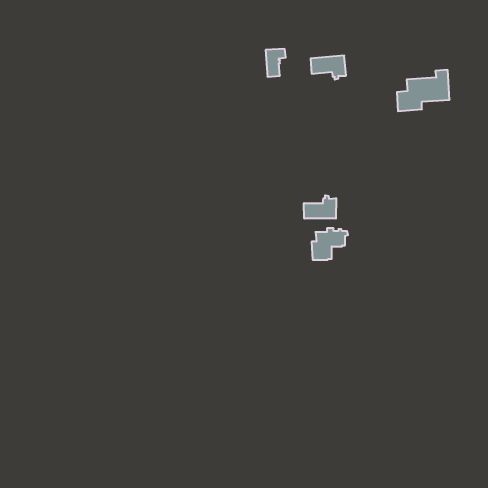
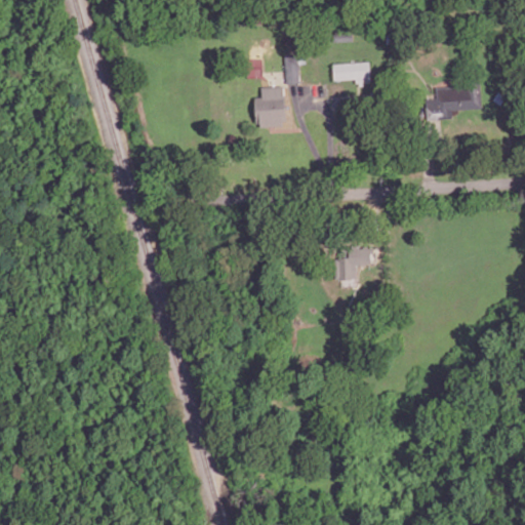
building: none -> [254,86,286,128]
building: [304,195,336,219] -> none

